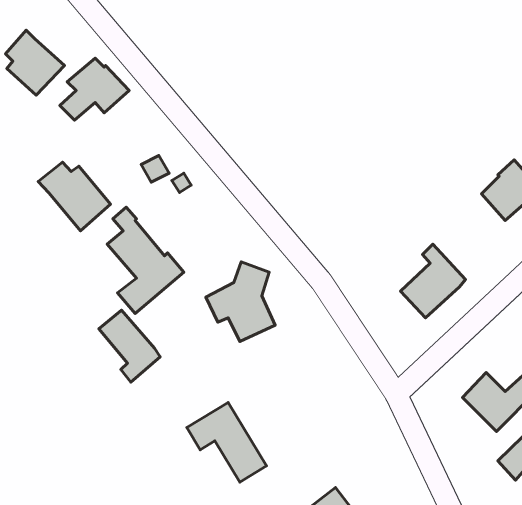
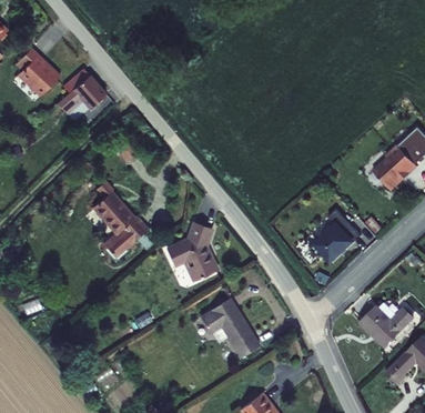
building: [38,162,111,231] -> none
building: [99,310,160,382] -> none
building: [187,402,266,482] -> [200,298,260,357]

